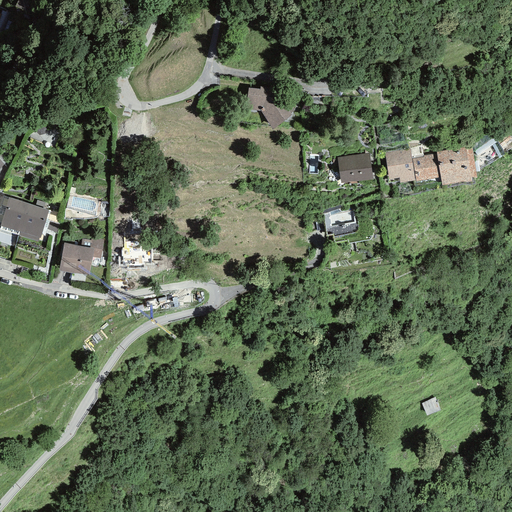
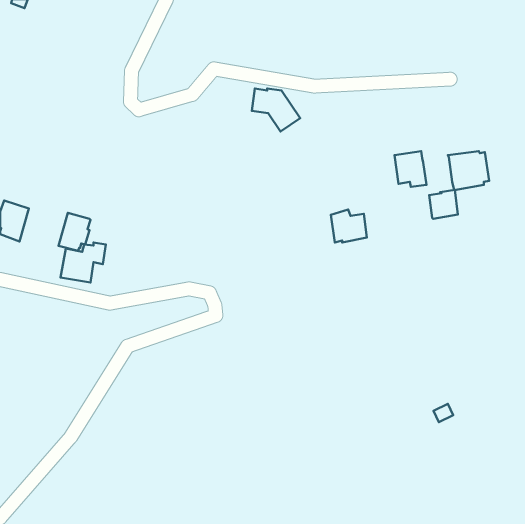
building: [337,151,373,182] -> none
building: [412,153,440,181] -> [429,190,458,219]
building: [19,203,50,240] -> [59,213,90,251]

